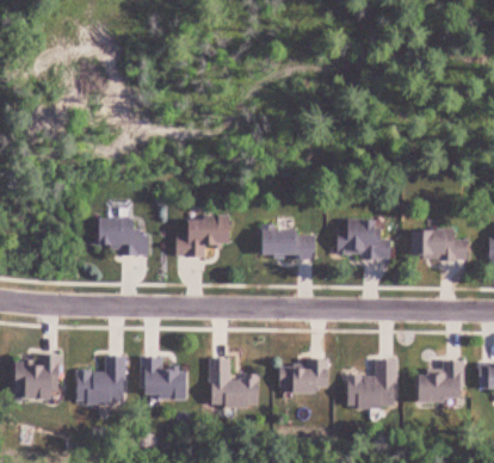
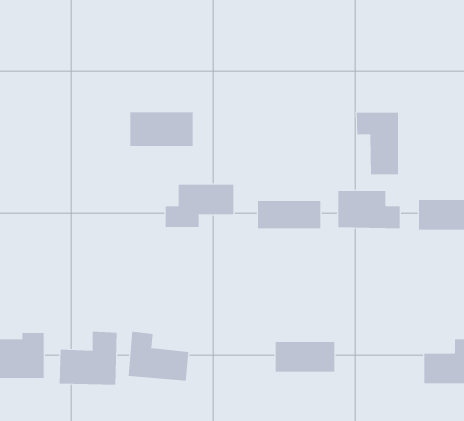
building: none -> [356,112,398,175]
building: [91,218,150,251] -> [130,112,194,146]
building: [206,357,260,408] -> none
building: [344,359,396,408] -> none

